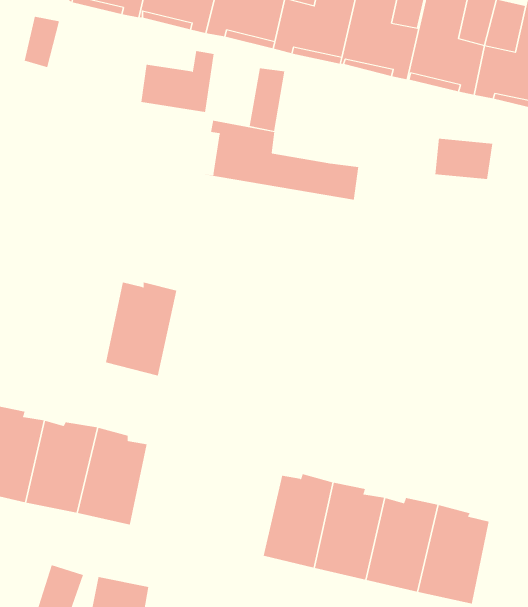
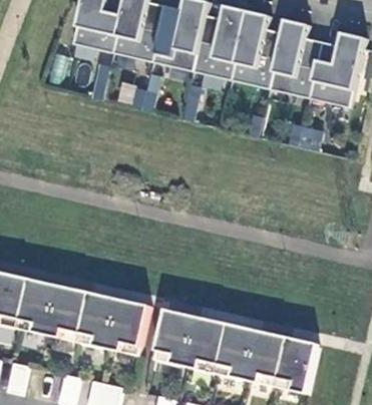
building: [204,120,359,200] -> none
building: [105,282,177,376] -> [107,300,149,355]
building: none -> [153,308,196,365]

